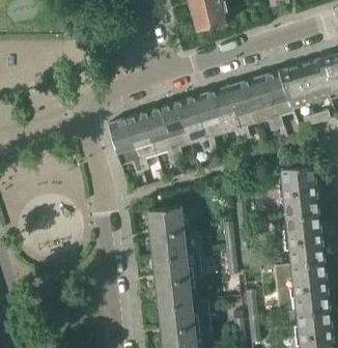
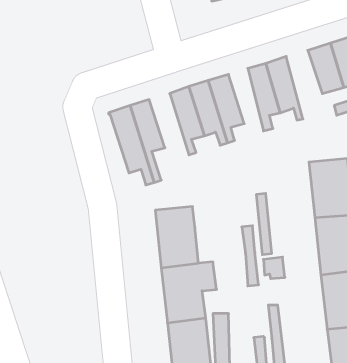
building: [261,70,293,129] -> none
building: [212,86,242,142] -> none
building: [143,108,177,163] -> none

